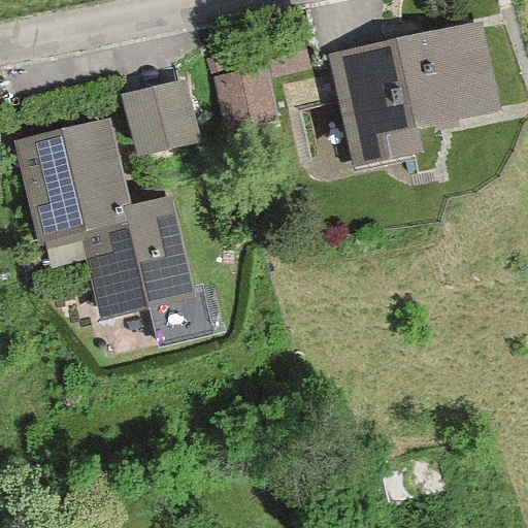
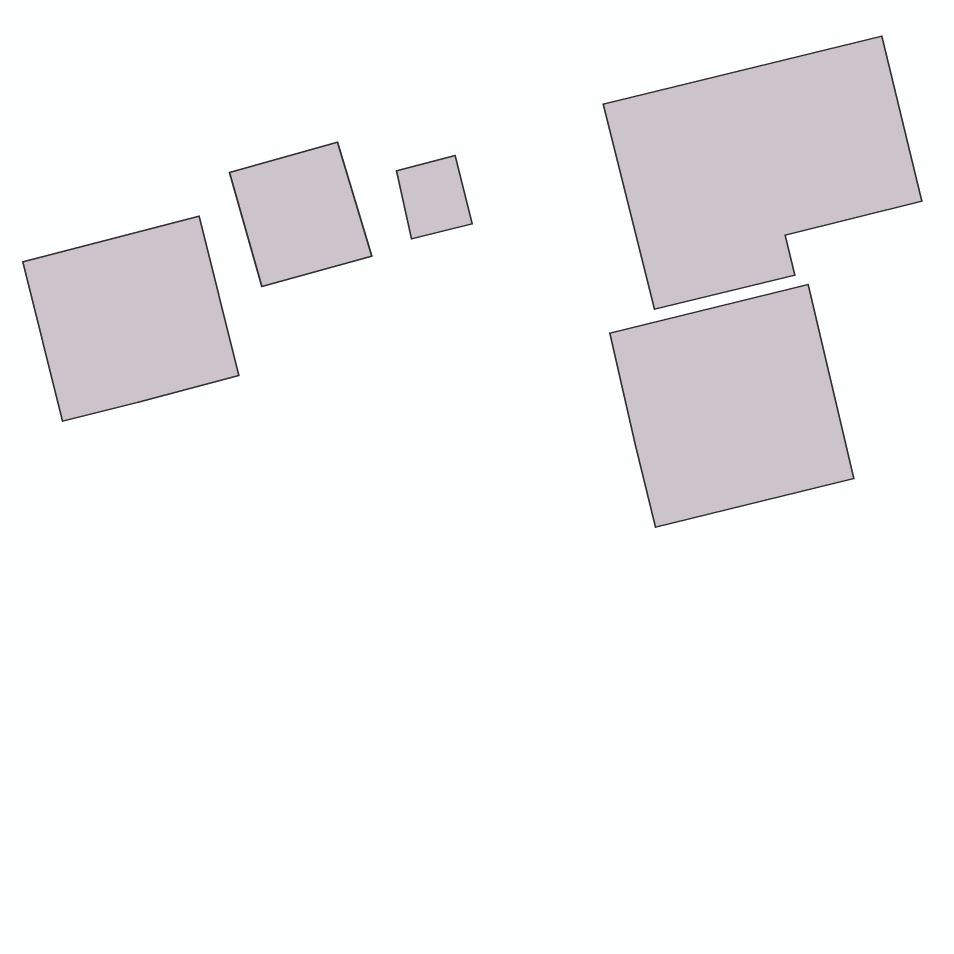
building: none -> [610,285,854,527]
building: [75,195,194,315] -> none

